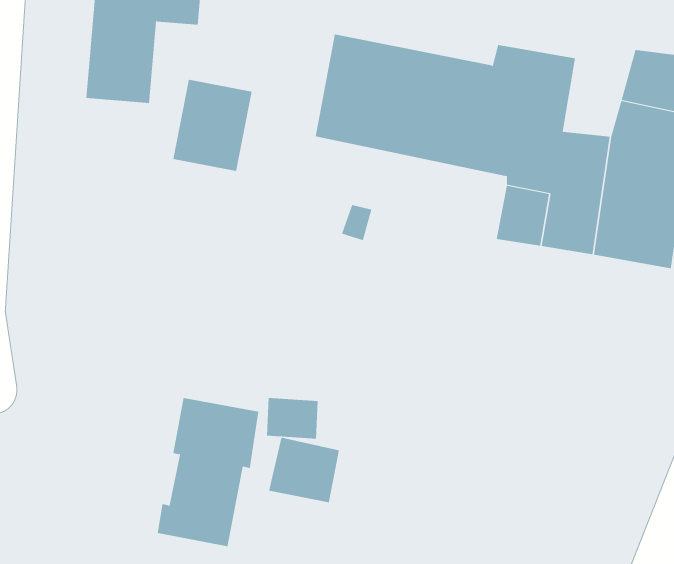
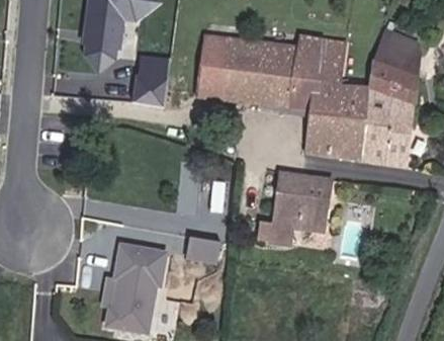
building: none -> [265,170,332,252]
building: [268,437,339,503] -> none

